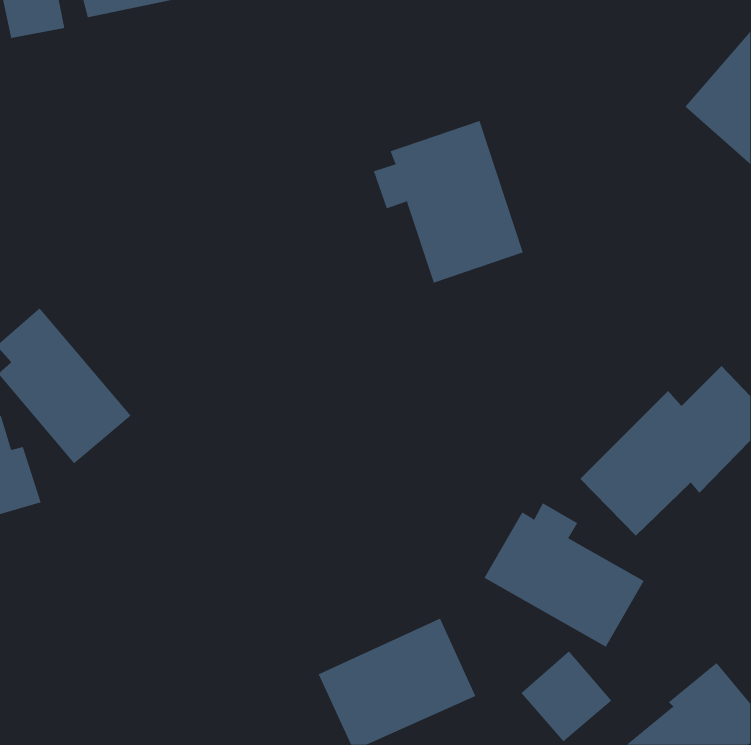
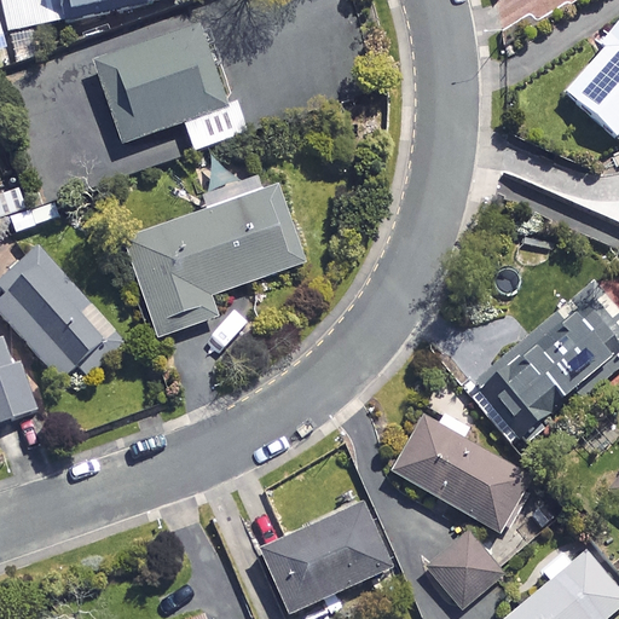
building: none -> [94,27,248,150]
building: [373,120,524,284] -> none
building: none -> [123,185,306,336]

